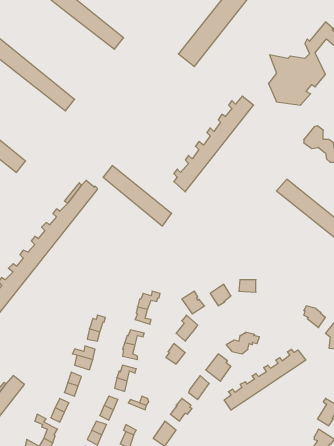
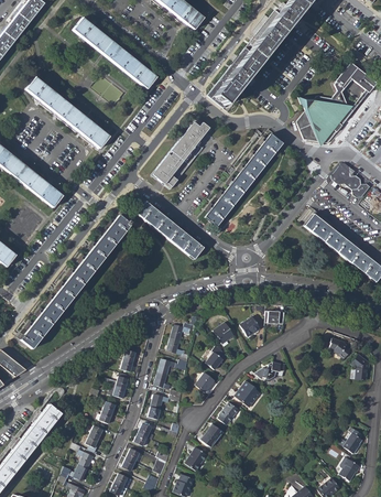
building: none -> [148,121,209,194]
building: [224,349,306,410] -> none

